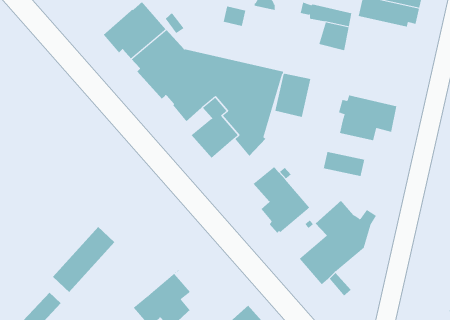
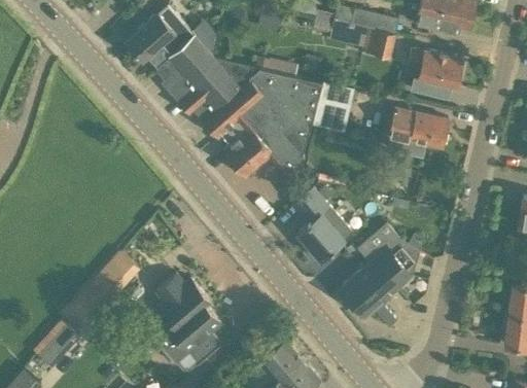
building: none -> [409,49,463,101]
building: [323,151,365,177] -> none
building: none -> [156,274,209,327]

